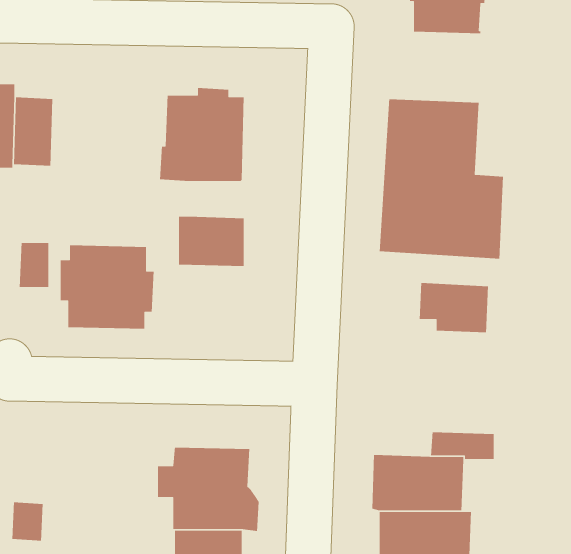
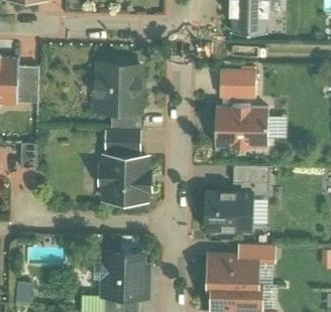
building: none -> [110,111,143,131]
building: [60,244,155,330] -> [100,156,150,201]
building: none -> [205,191,255,233]

